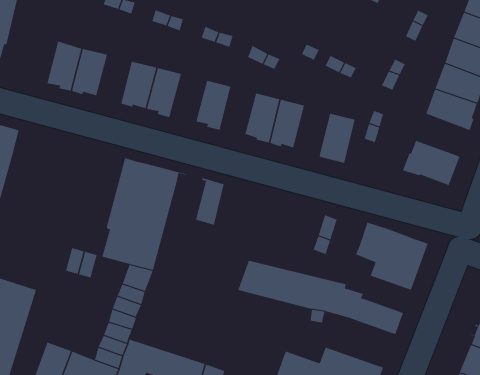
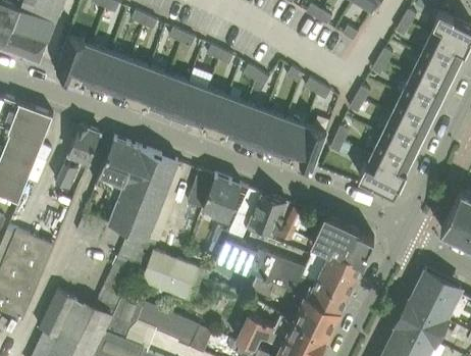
building: none -> [57,39,90,81]
building: none -> [117,61,148,102]
building: none -> [174,83,207,122]
building: none -> [214,97,246,137]
building: none -> [272,118,304,160]
building: none -> [371,135,416,171]
building: none -> [55,125,99,187]
building: none -> [95,138,135,202]
building: none -> [202,175,241,224]
building: none -> [244,193,285,236]
building: none -> [315,261,356,294]
building: none -> [141,250,201,299]
building: none -> [281,294,339,337]

